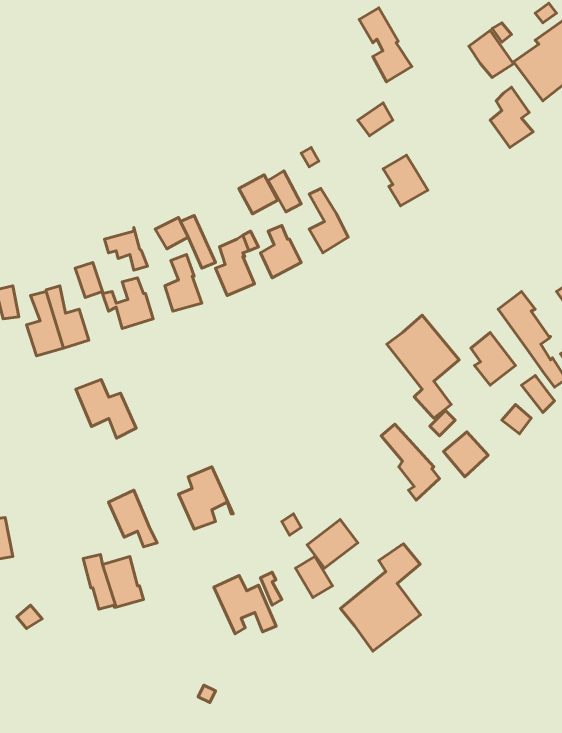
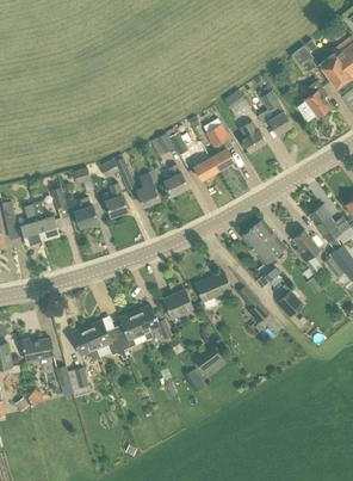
building: [359,8,412,82] -> [260,90,292,135]
building: none -> [205,123,234,171]
building: [76,380,136,438] -> [86,320,123,356]
building: none -> [194,271,230,301]
building: none -> [162,289,193,319]
building: none -> [21,338,54,360]
building: [340,544,420,651] -> none
building: [214,575,276,634] -> [134,304,172,340]

